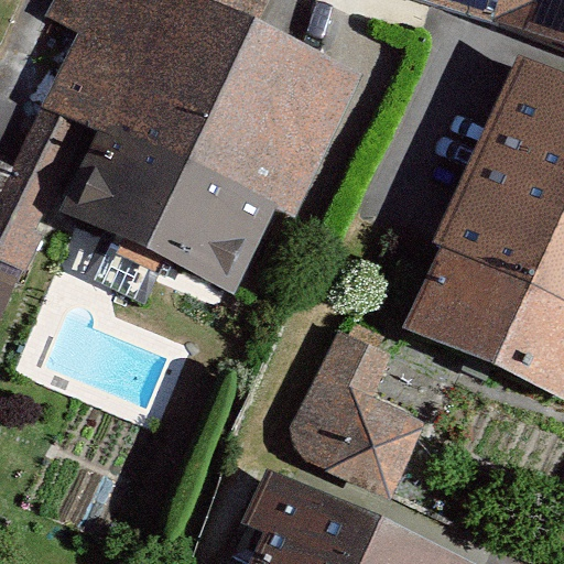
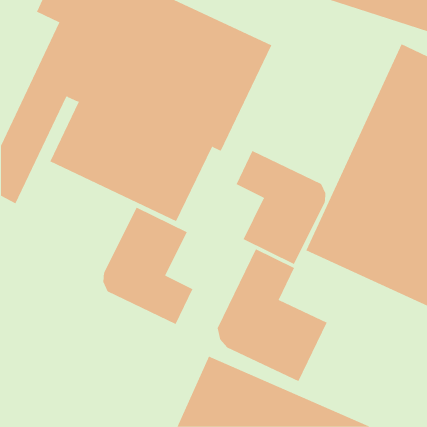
building: none -> [236,150,326,265]
building: none -> [103,207,193,325]

